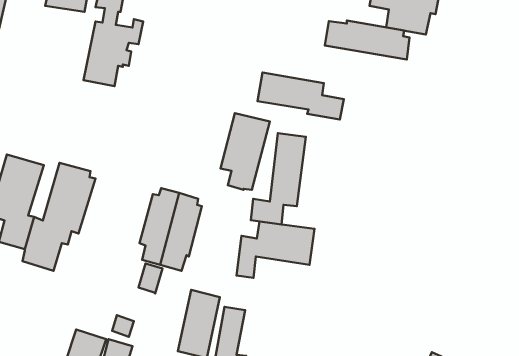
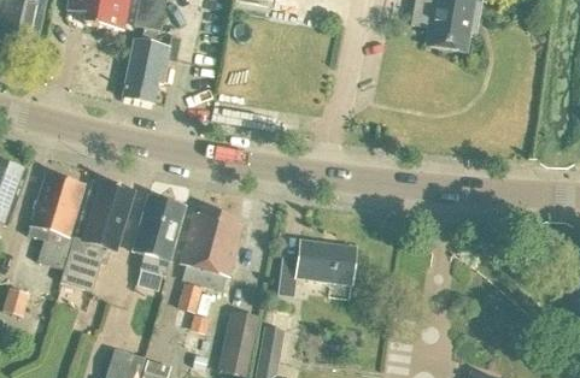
building: [325,20,410,60] -> none
building: [257,72,344,119] -> none
building: [221,113,270,190] -> [134,195,183,272]
building: [251,133,306,224] -> none

